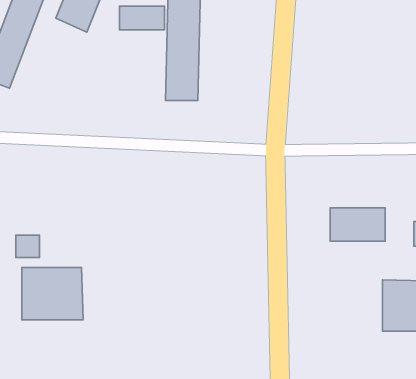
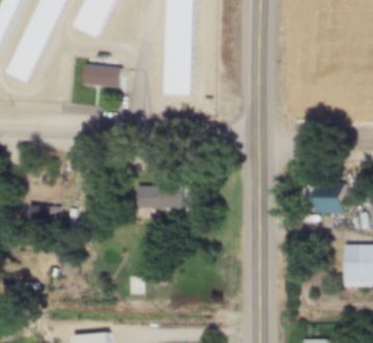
building: [120,6,164,30] -> [83,65,120,85]
building: none -> [135,185,181,208]
building: [22,268,83,320] -> none

